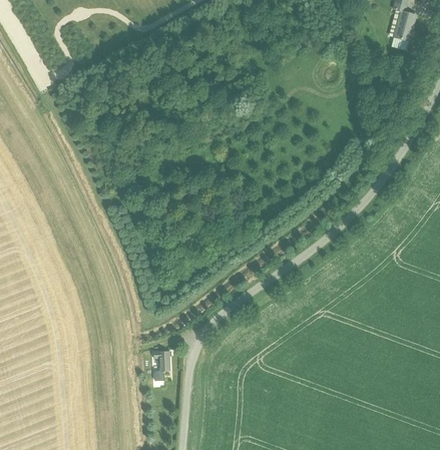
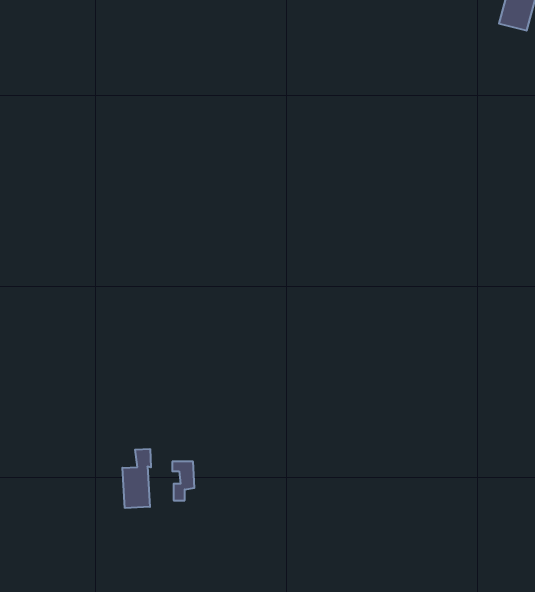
building: none -> [122,449,151,508]

